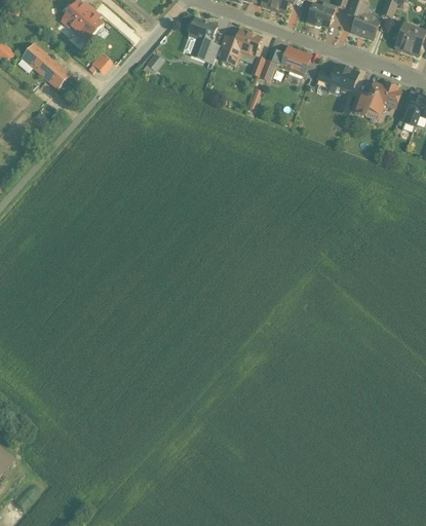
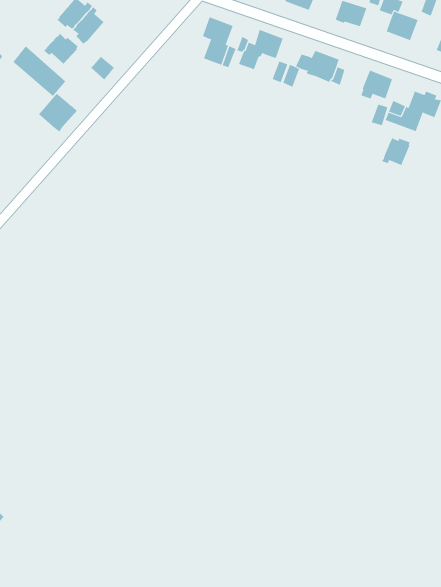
building: none -> [43,32,79,65]
building: none -> [38,93,78,132]
building: none -> [381,137,410,166]

